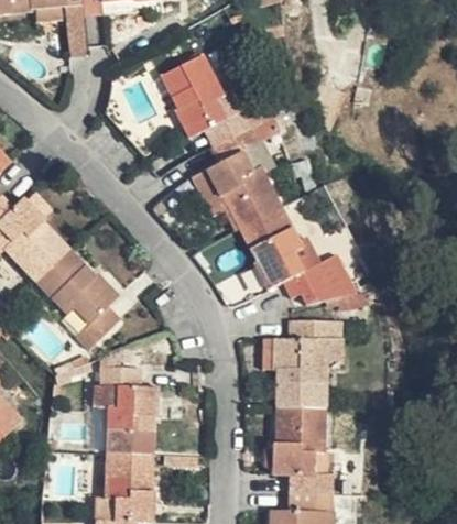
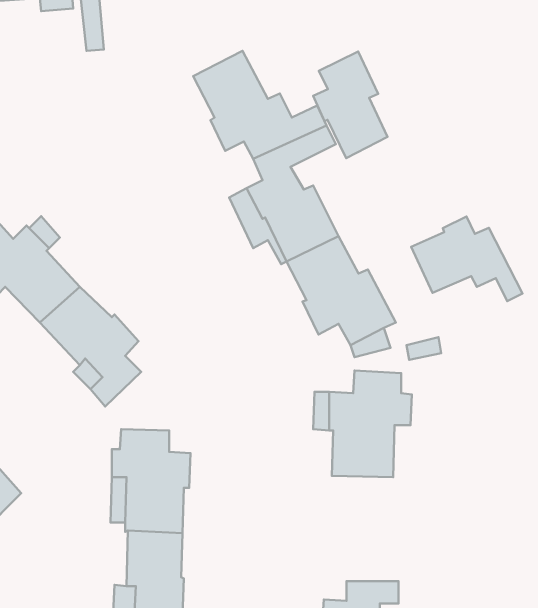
building: none -> [313,52,387,158]
building: none -> [411,217,522,301]
building: [272,406,331,493] -> none

